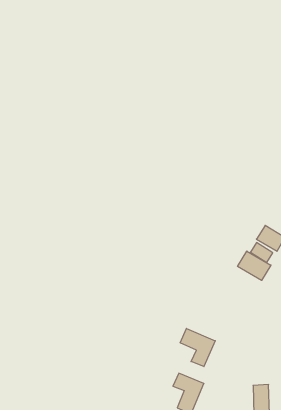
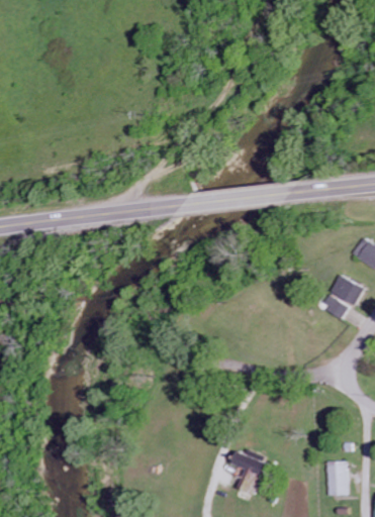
building: [238,251,271,280] -> none
building: [180,328,215,367] -> none

